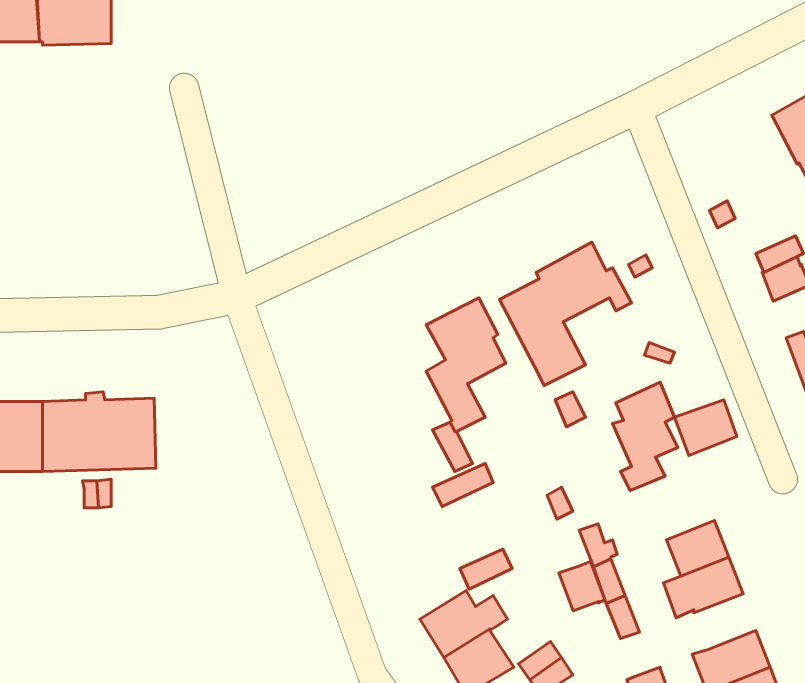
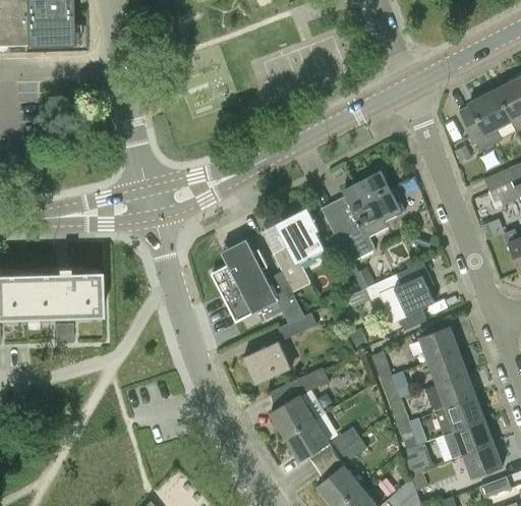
building: none -> [459,91,511,153]
building: none -> [211,239,284,323]
building: [675,400,737,455] -> [418,327,458,362]
building: none -> [242,341,292,386]
building: [559,562,605,611] -> [398,418,427,450]
building: none -> [445,397,484,433]

